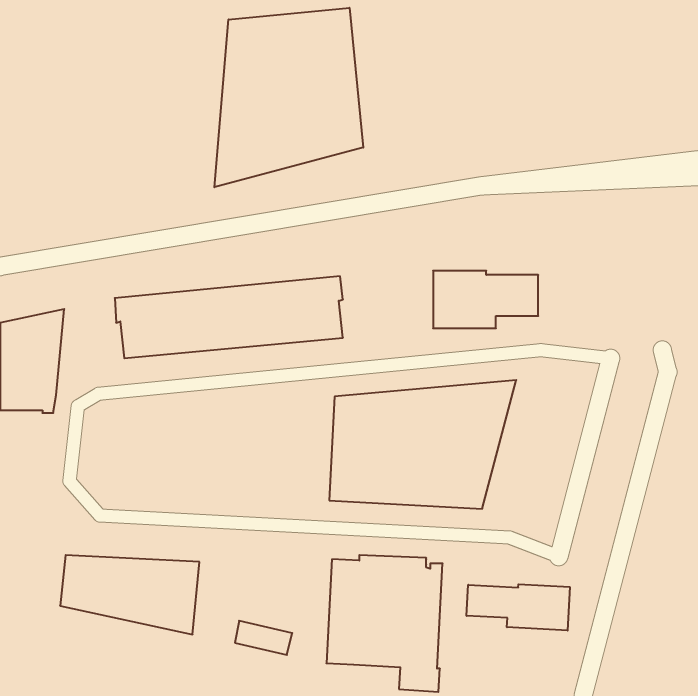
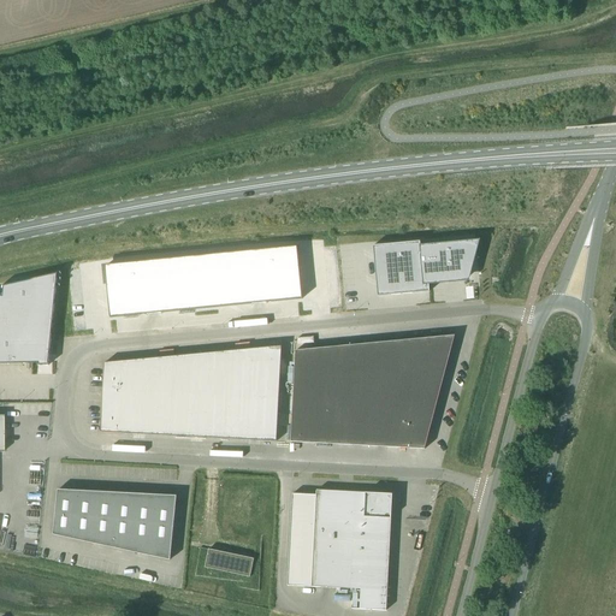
building: [214,8,363,187] -> none
building: none -> [100,345,282,439]
building: [467,584,570,631] -> none

